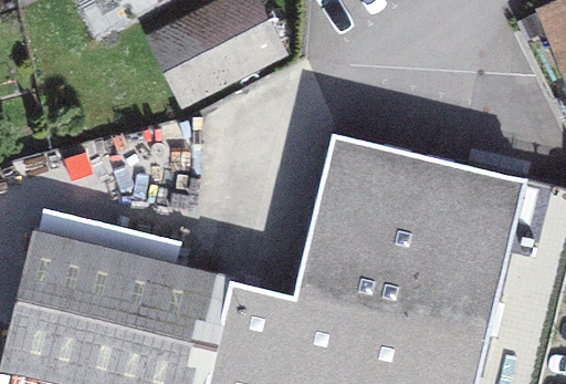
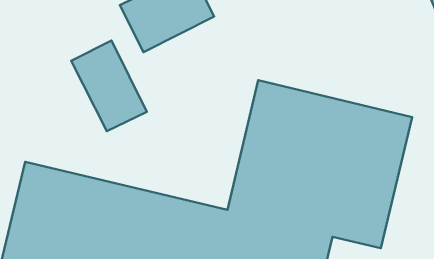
building: none -> [71,41,147,131]

